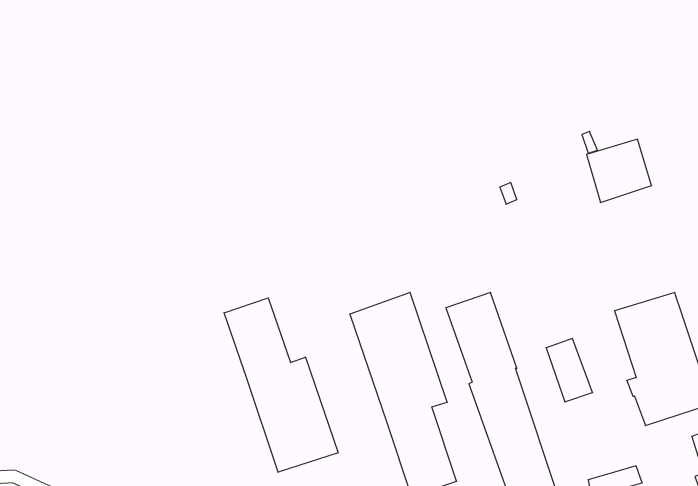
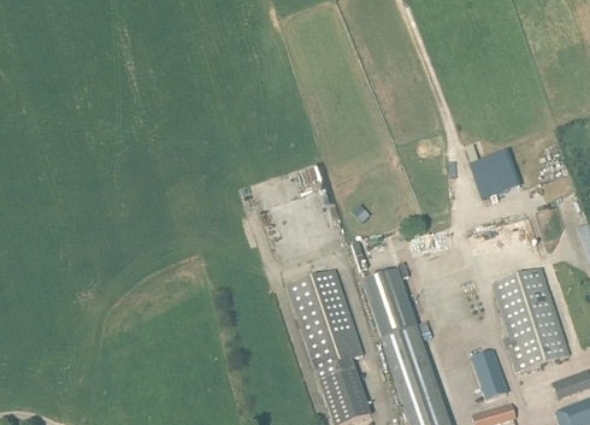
building: [224,298,338,472] -> none
building: [546,338,593,402] -> [473,349,509,399]

